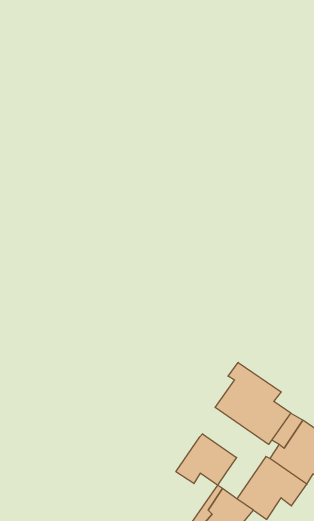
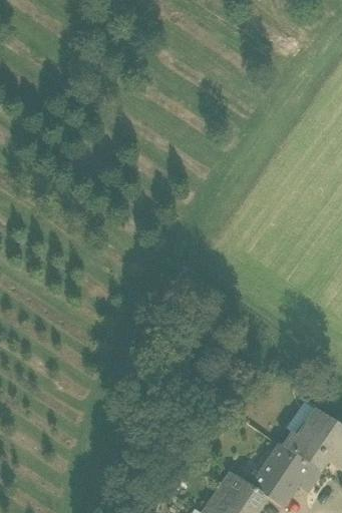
building: [215,362,291,444] -> none
building: [176,434,237,485] -> none

